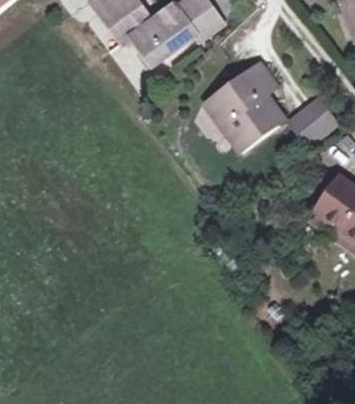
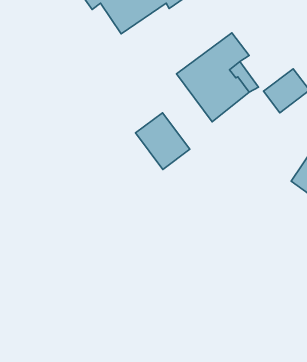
building: none -> [135,113,190,169]

